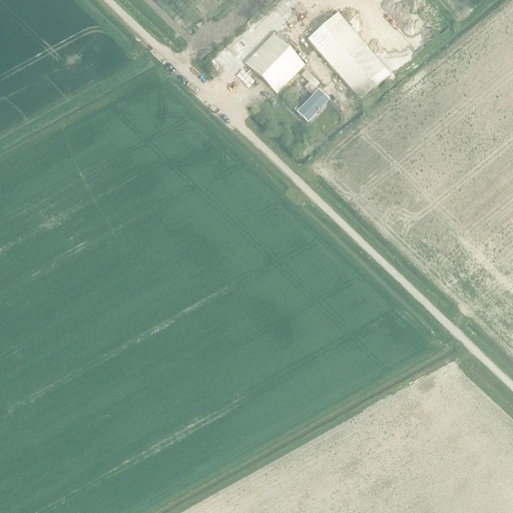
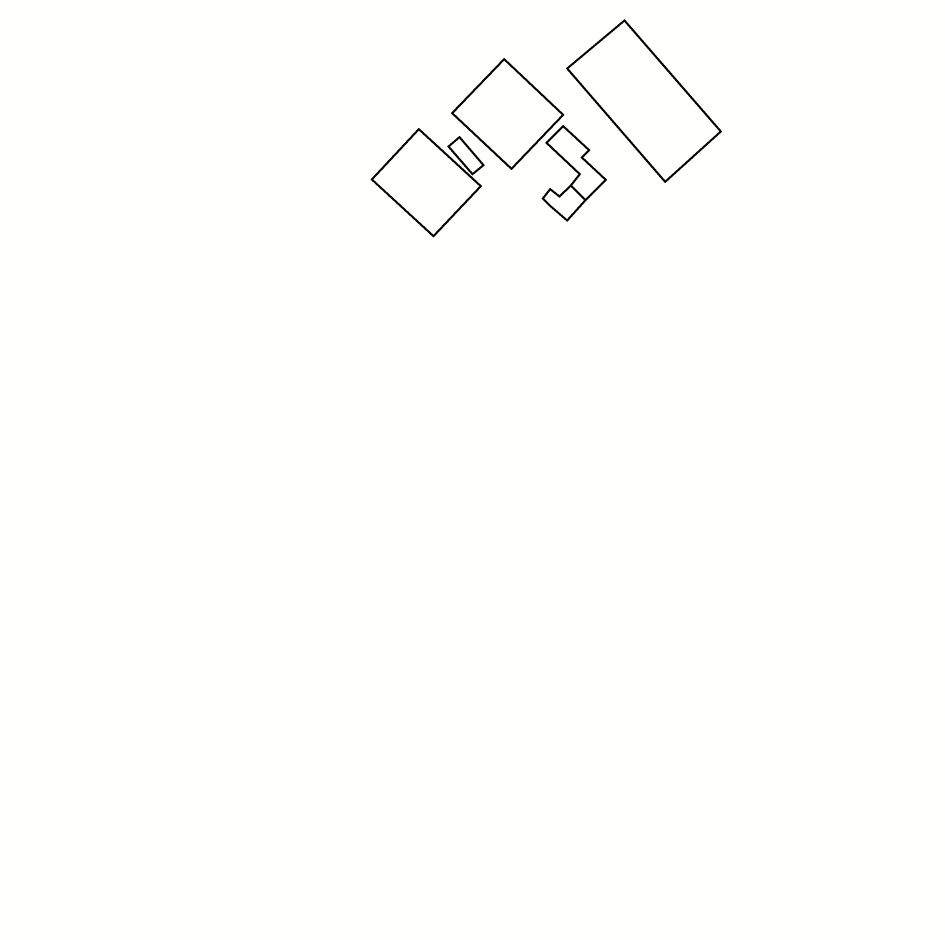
building: none -> [372,129,481,236]

